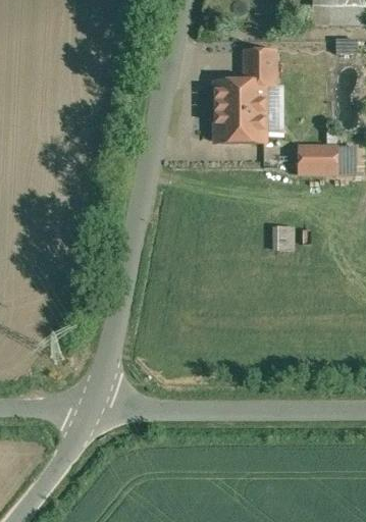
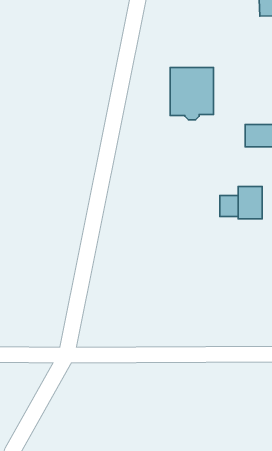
building: [245,50,275,84] -> none
building: none -> [238,186,262,219]

